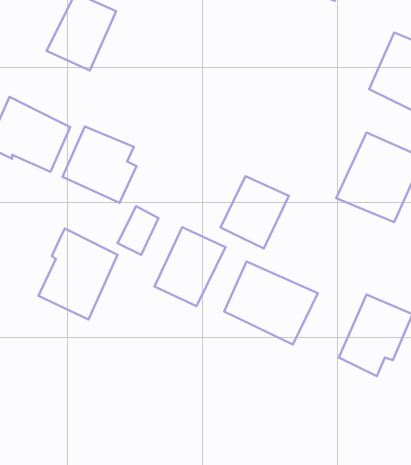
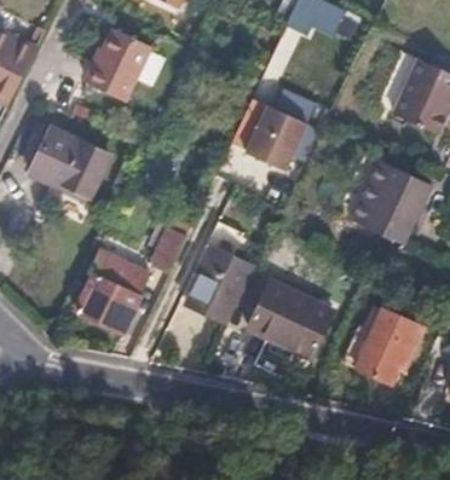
building: [62,126,136,203] -> none
building: [221,176,289,249] -> [248,103,311,169]

